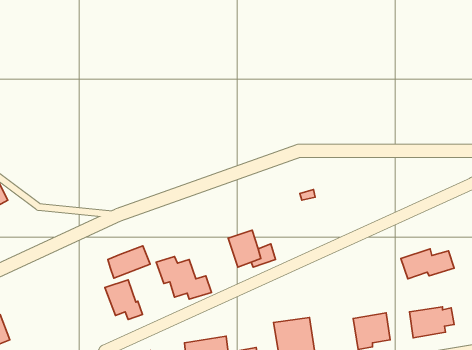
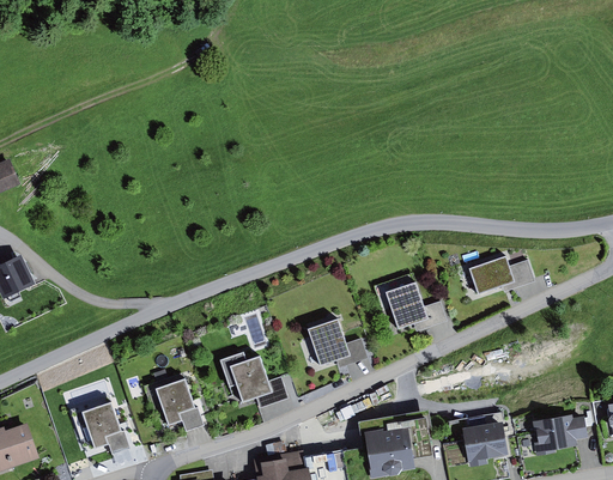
building: none -> [383,281,445,329]
building: [108,246,150,278] -> none
building: [401,249,454,279] -> [468,256,534,293]
building: none -> [80,402,128,454]

